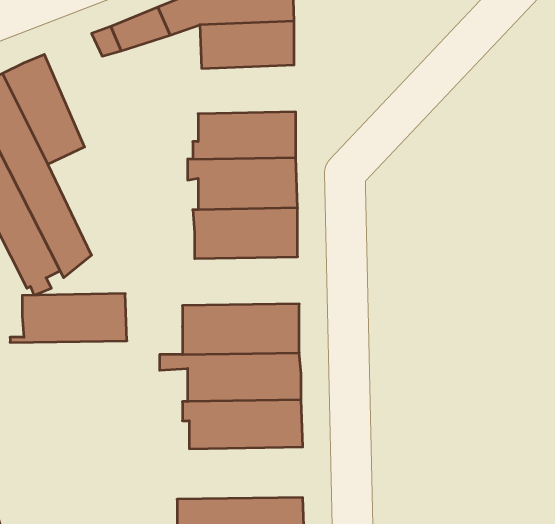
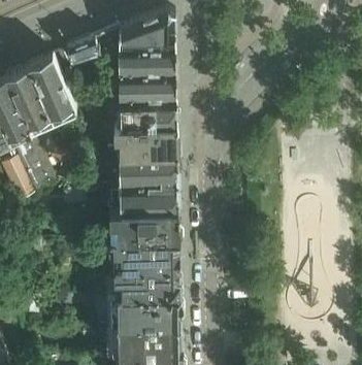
building: none -> [28,58,73,123]
building: none -> [116,74,176,103]
building: [10,294,127,342] -> [109,188,178,217]
building: none -> [106,300,180,331]

